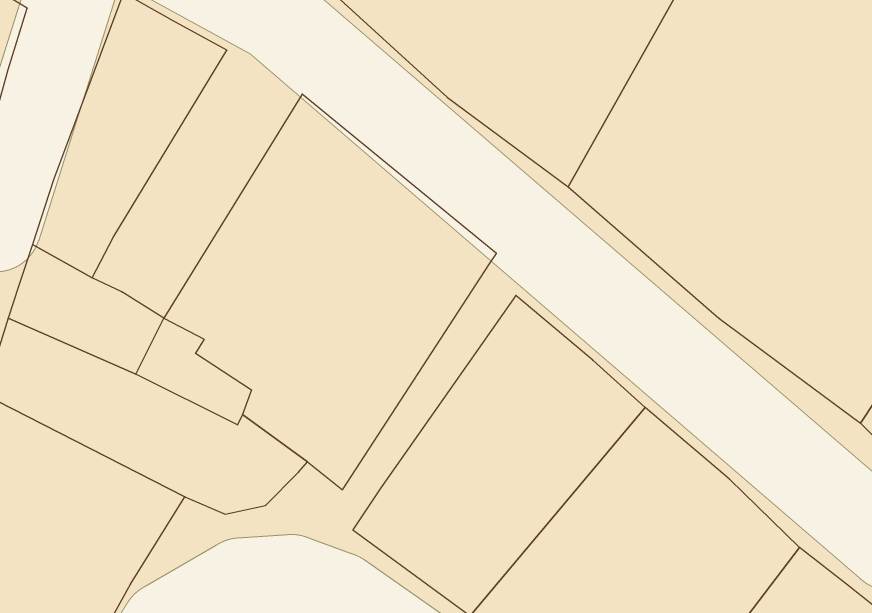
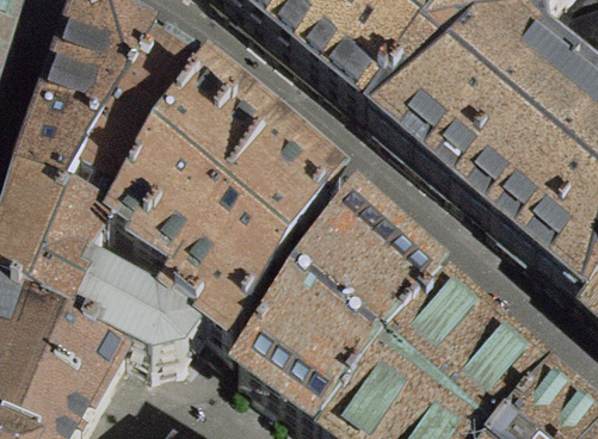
building: none -> [80,51,209,234]

